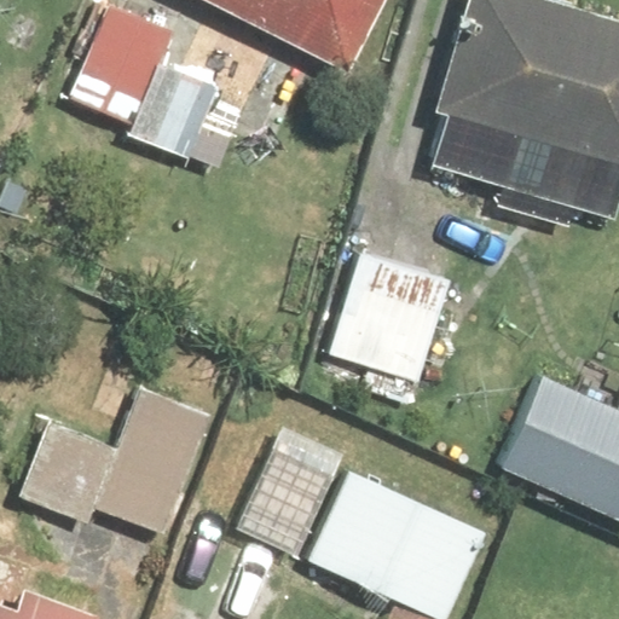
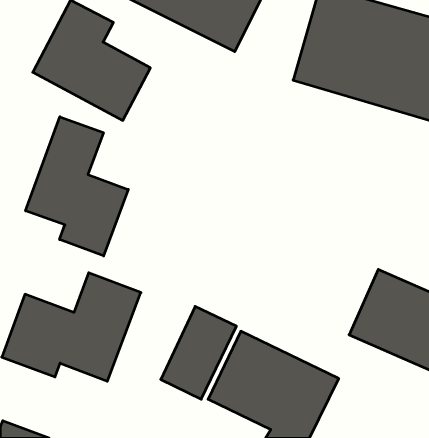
building: none -> [26,117,128,256]
building: [324,248,453,407] -> none

